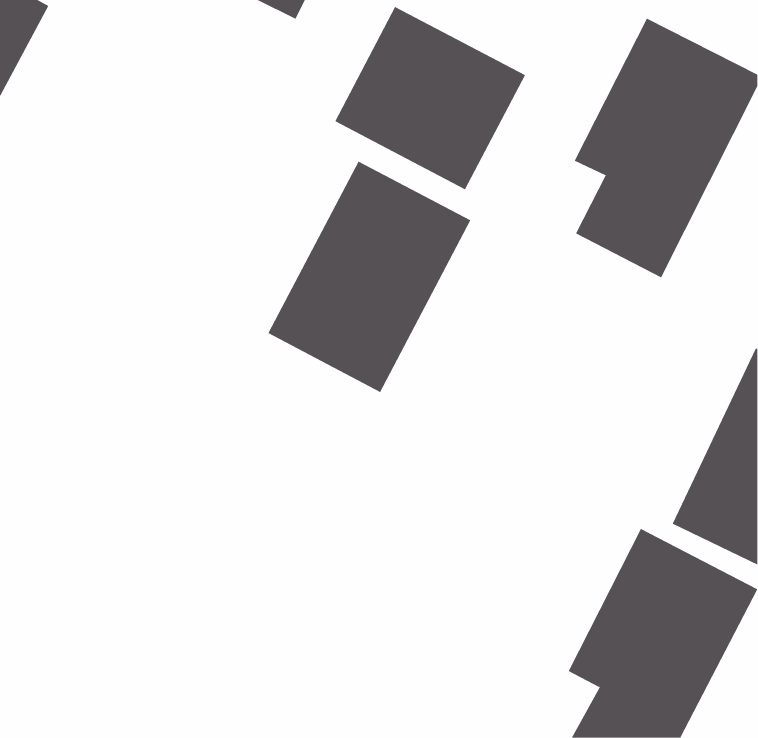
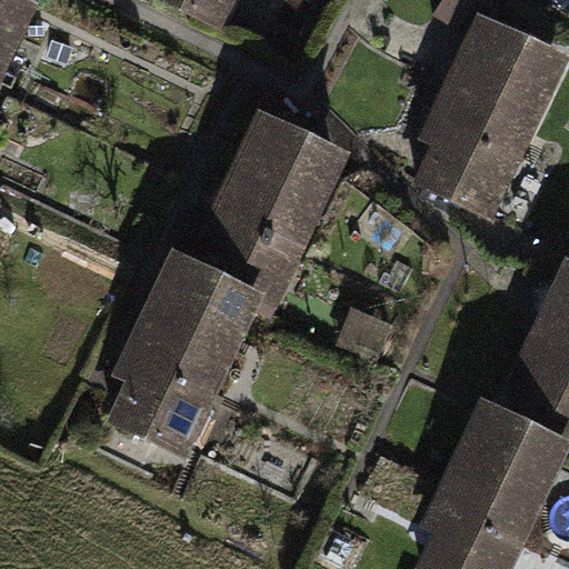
building: [334,6,526,190] -> none
building: none -> [121,251,263,446]

